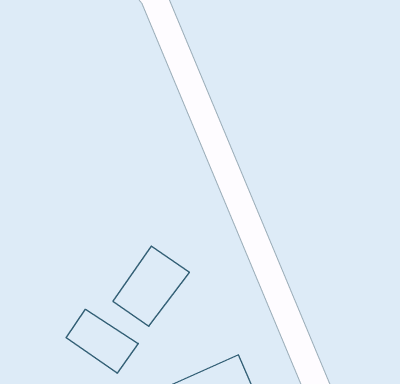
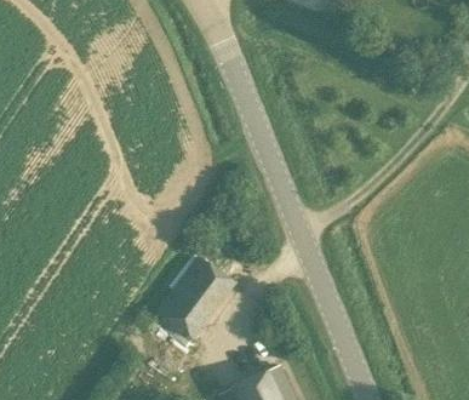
building: [66,309,138,373] -> none

